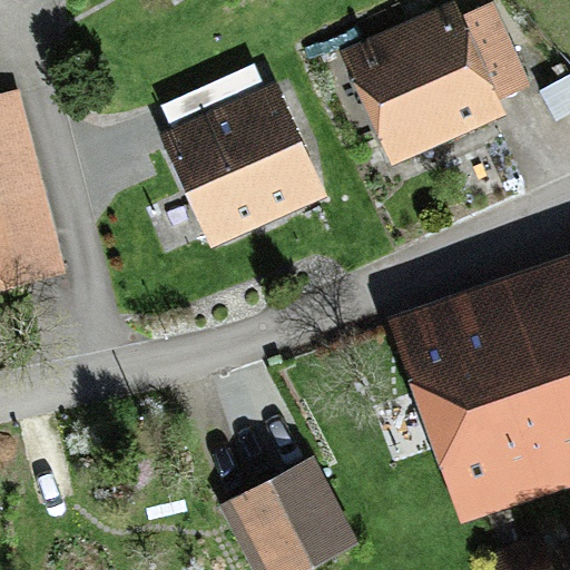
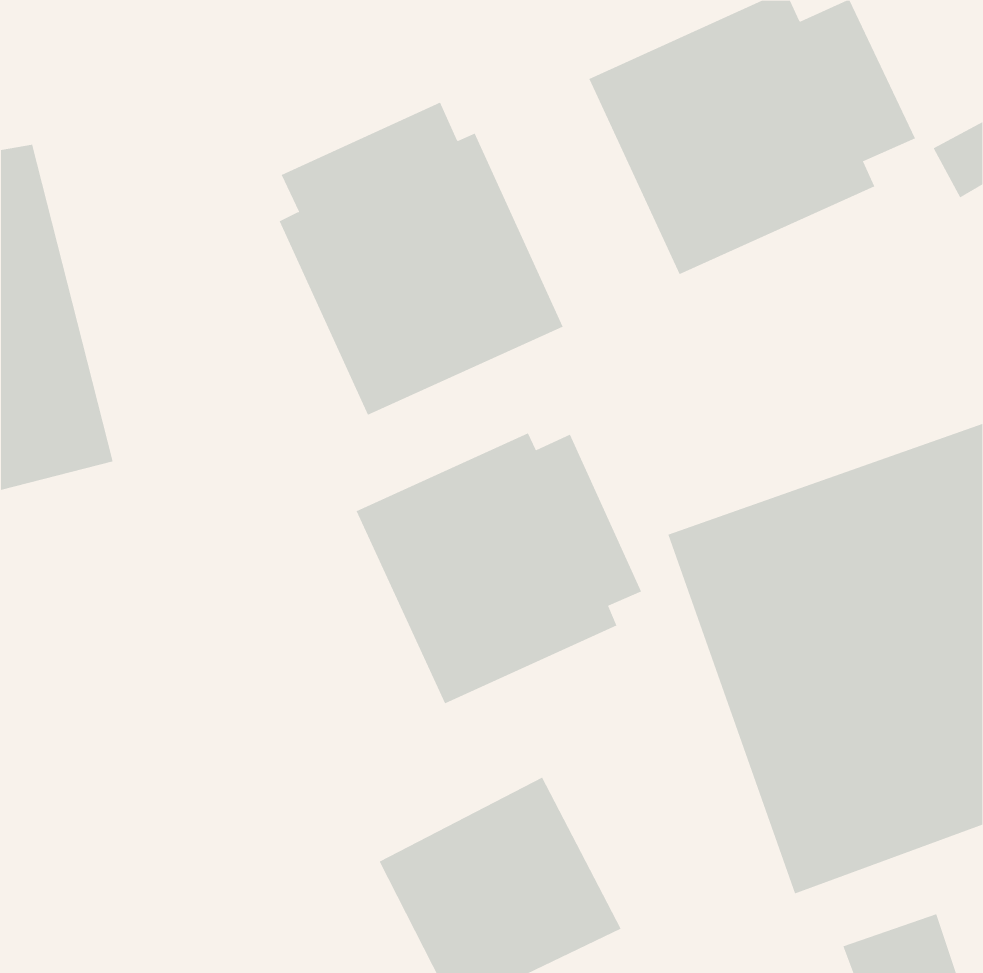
building: none -> [356,432,642,704]

